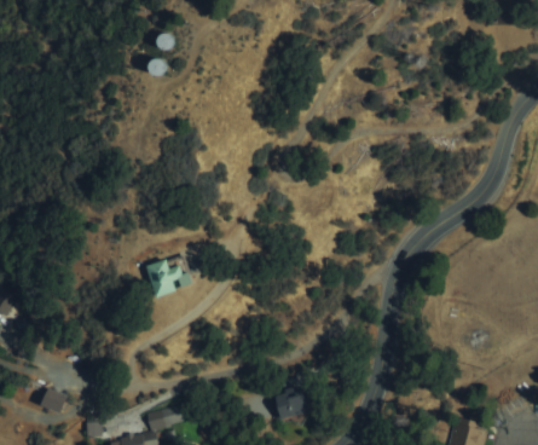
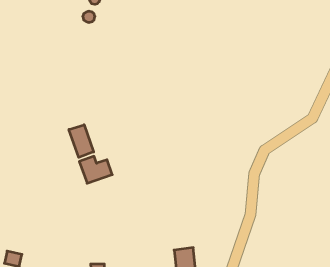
building: none -> [69,125,94,157]

